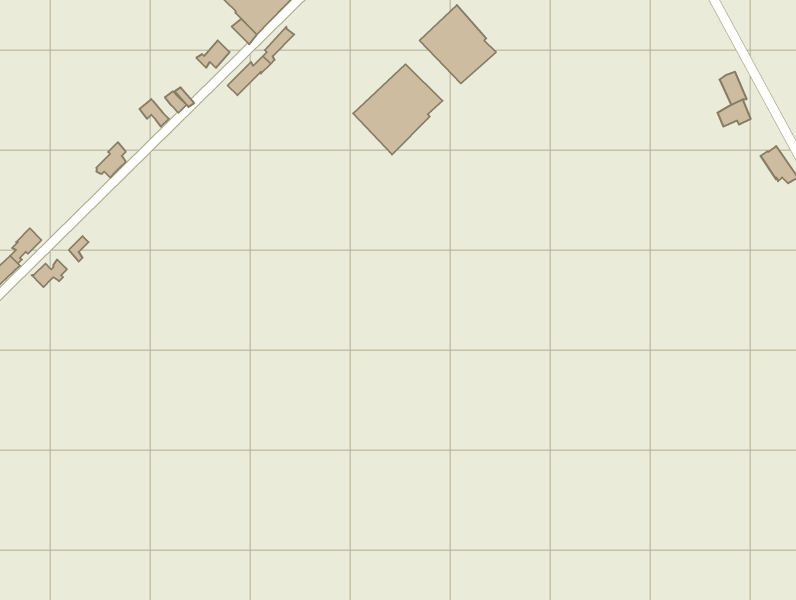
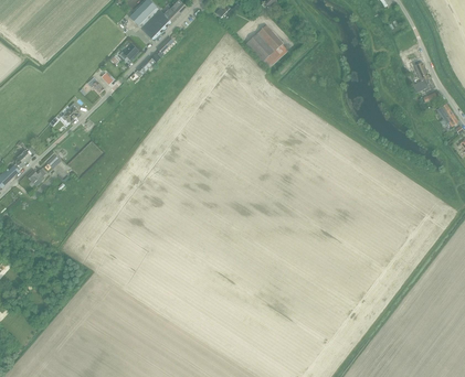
building: [353,64,443,155] -> none

